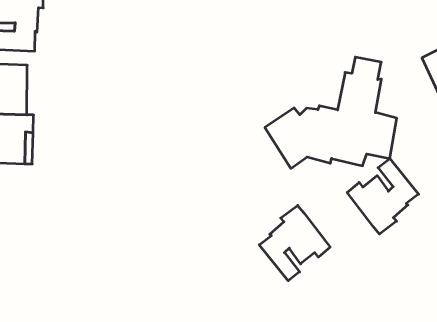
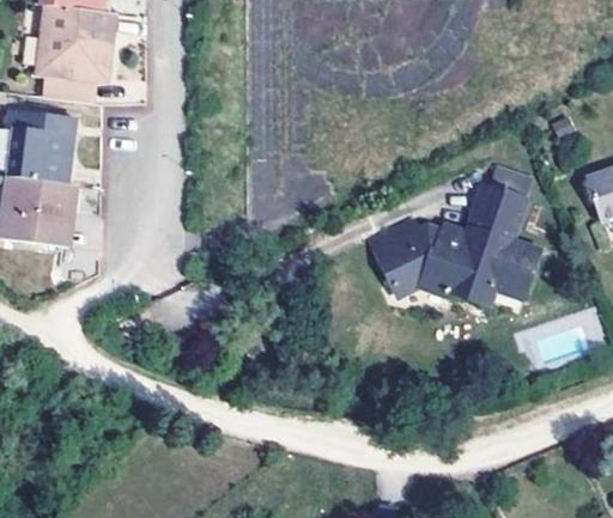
building: [347,159,419,234] -> none
building: [259,205,330,281] -> none

